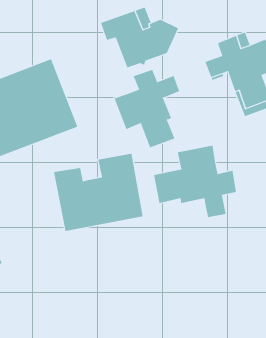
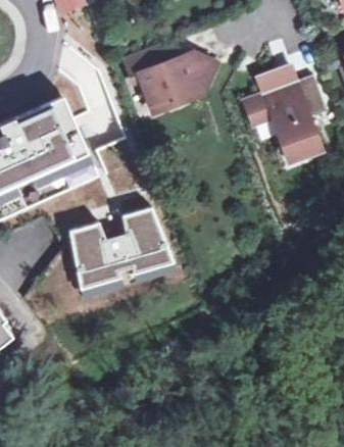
building: [114,69,180,148] -> none
building: [154,145,237,218] -> none

